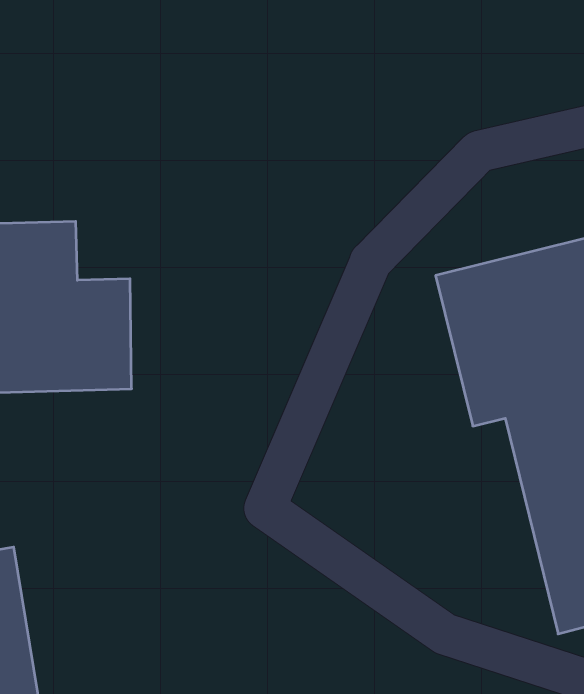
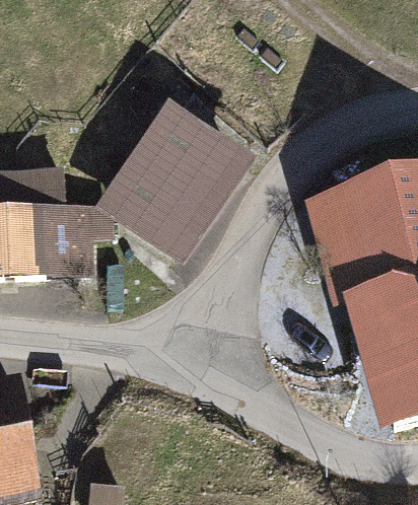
building: none -> [121,106,253,247]

